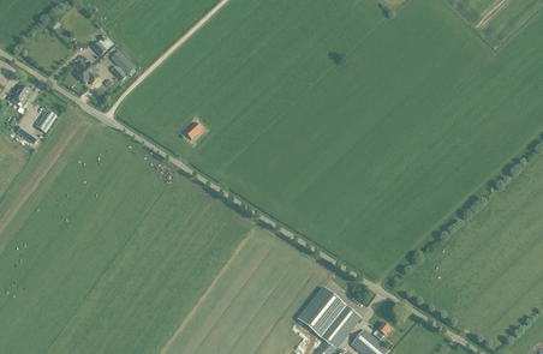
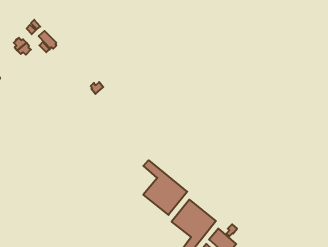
building: none -> [143,160,187,215]

